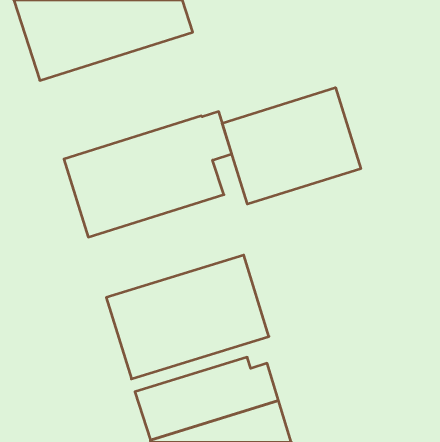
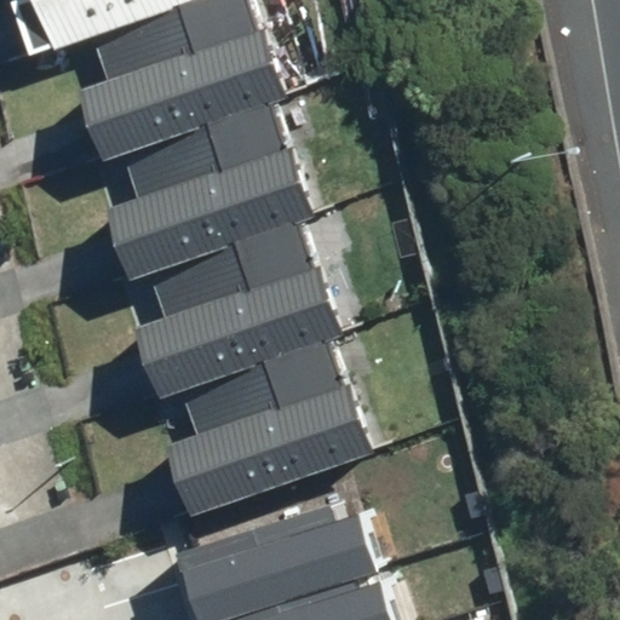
building: none -> [56,45,291,223]
building: [222,88,361,204] -> none
building: none -> [124,272,352,417]

